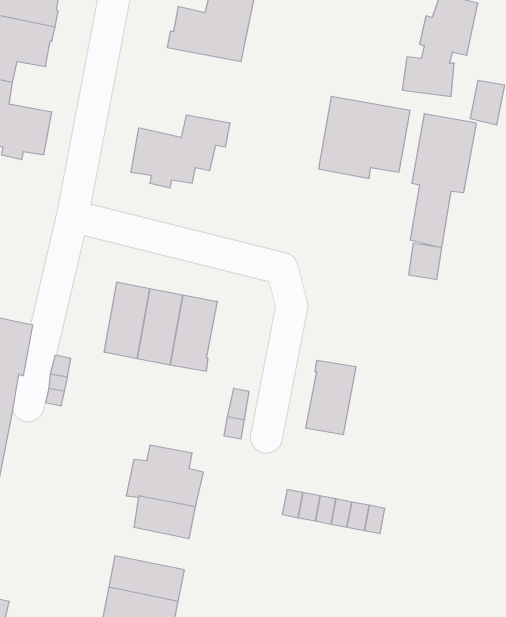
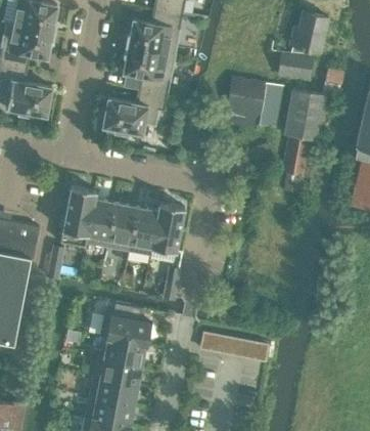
building: none -> [124,45,175,94]
building: none -> [60,185,96,247]
building: [306,360,356,435] -> [152,203,185,251]
building: none -> [93,354,141,384]

